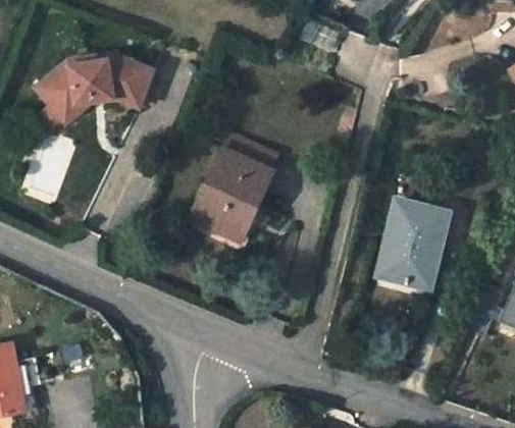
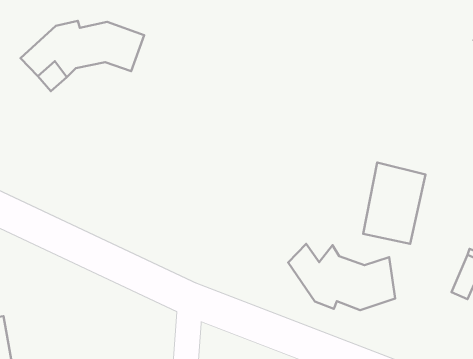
building: [191,133,274,239] -> none
building: none -> [288,244,395,310]

